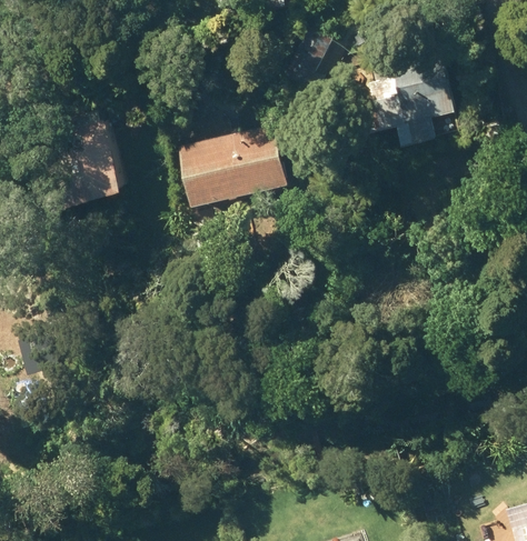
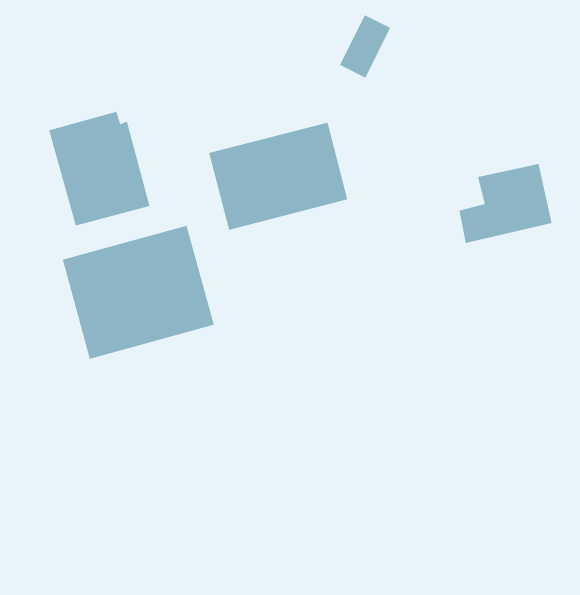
building: [374,64,451,131] -> [458,163,553,244]
building: none -> [62,225,215,360]

